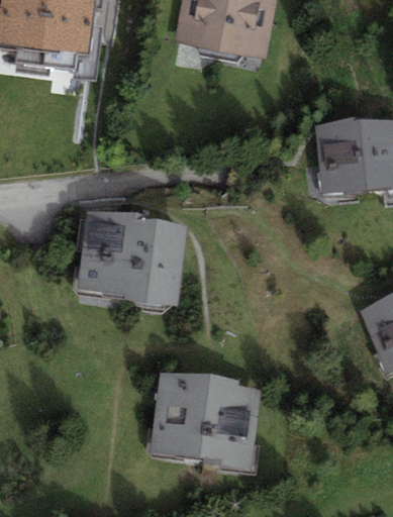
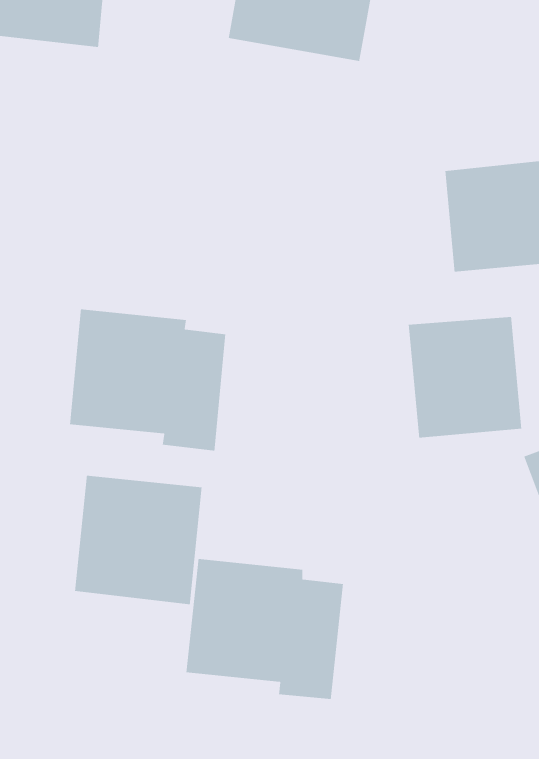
building: none -> [408,316,522,439]
building: none -> [74,475,203,605]

